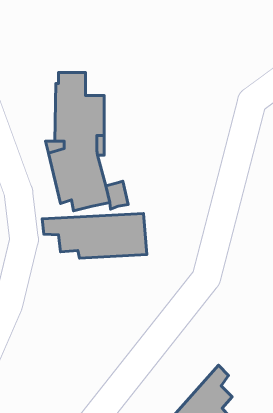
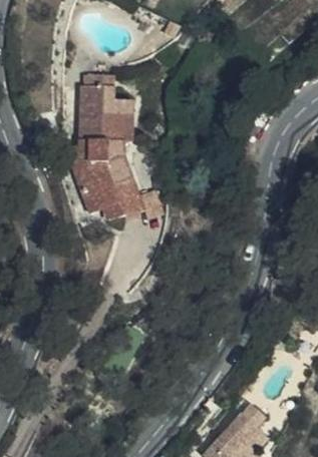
building: [42,214,147,258] -> none

